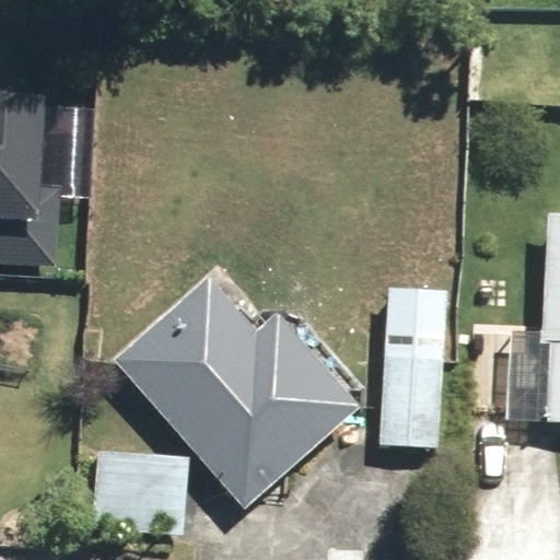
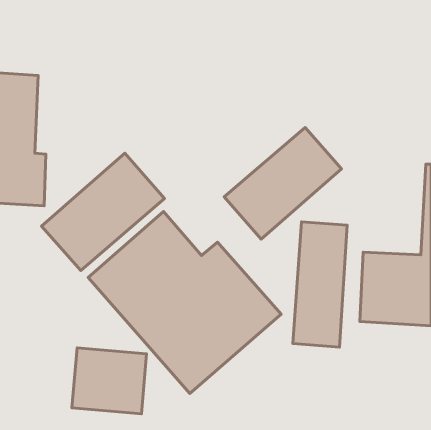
building: none -> [224,127,341,239]
building: none -> [42,153,165,270]

